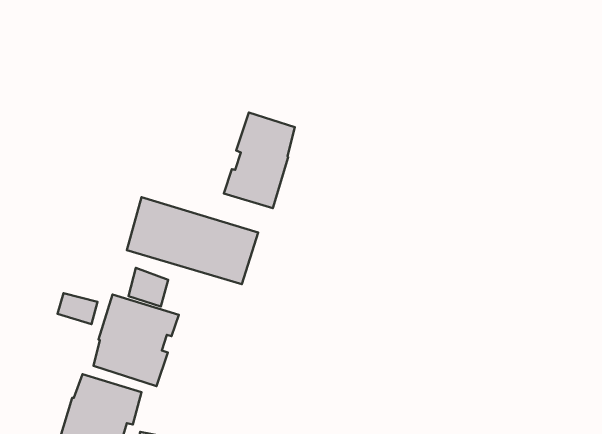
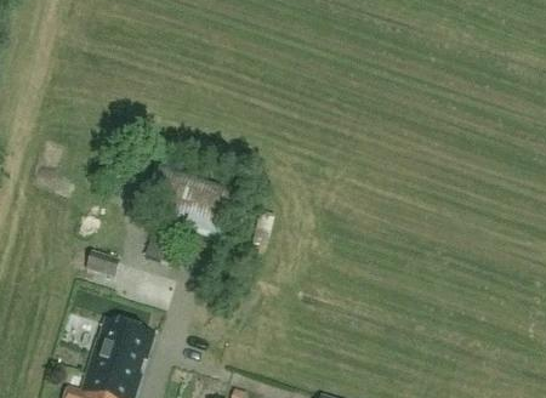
building: [224,112,295,208] -> none
building: [94,294,179,386] -> none

